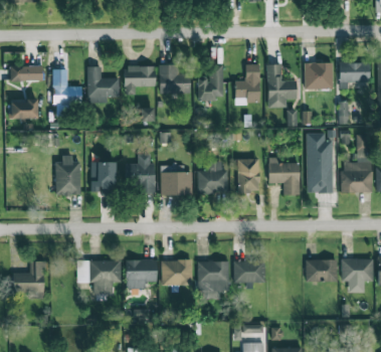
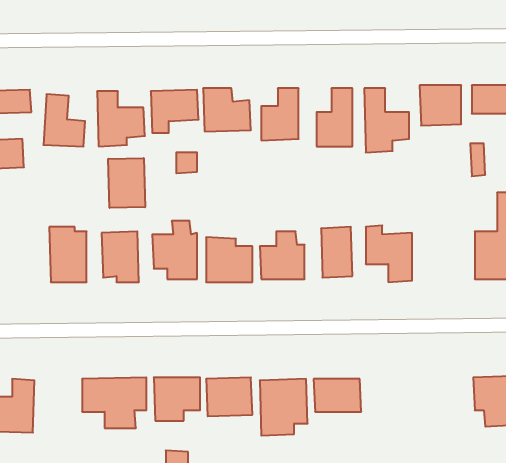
building: none -> [108,158,145,208]
building: [307,133,333,193] -> none
building: [306,259,337,282] -> none

